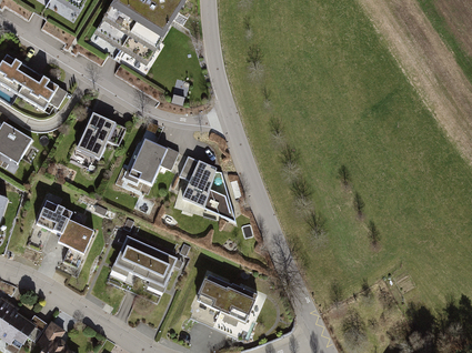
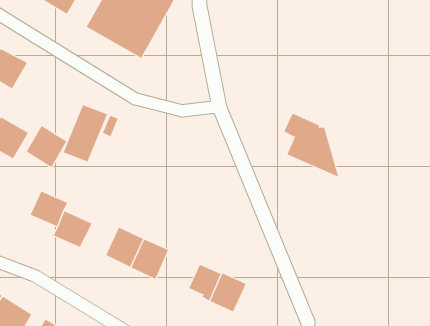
building: [18,68,60,111] -> [26,125,67,168]
building: [128,137,178,183] -> none
building: [178,154,234,220] -> [283,113,339,178]

